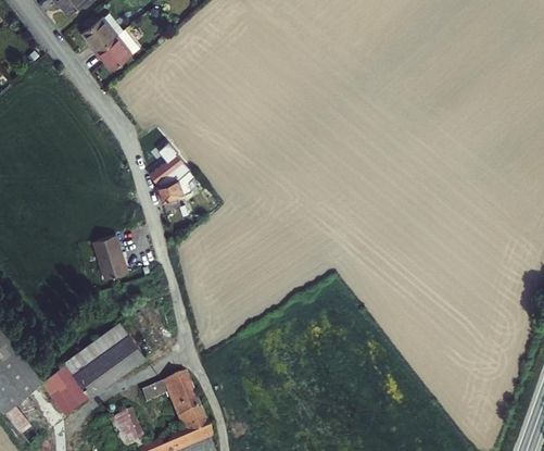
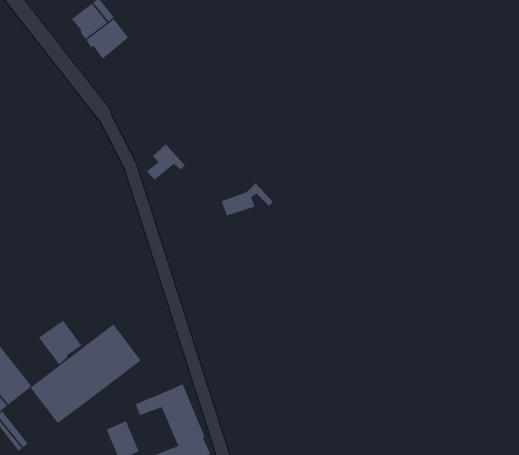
building: [156,171,206,202] -> [221,183,274,216]
building: [94,235,128,279] -> none
building: none -> [38,320,82,365]

